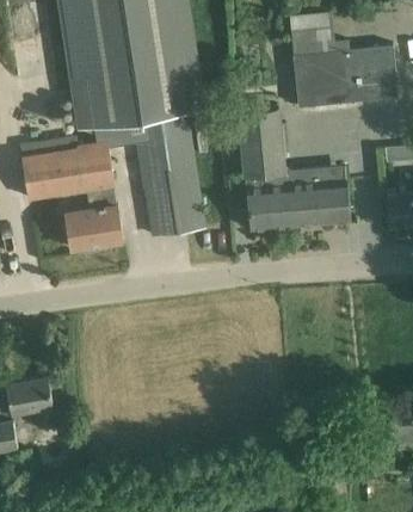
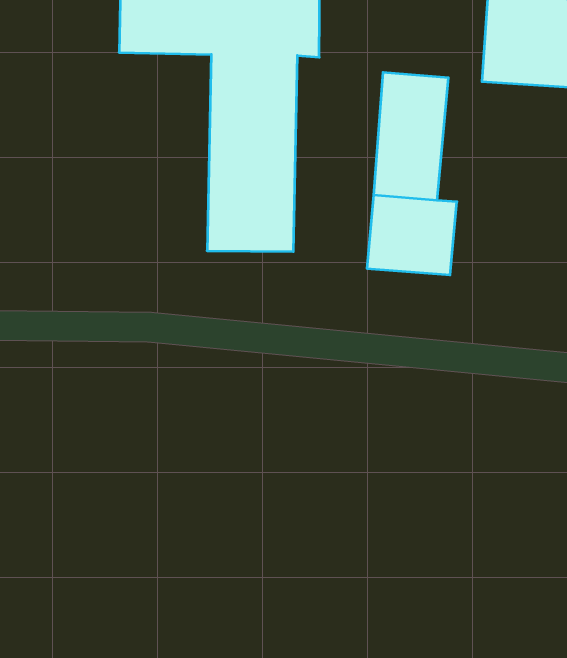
building: [21,143,123,248] -> none
building: [296,175,351,224] -> none

